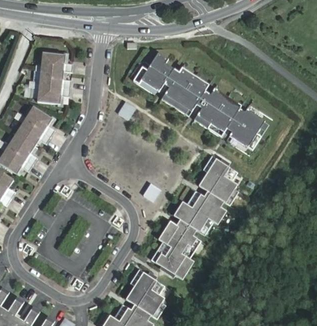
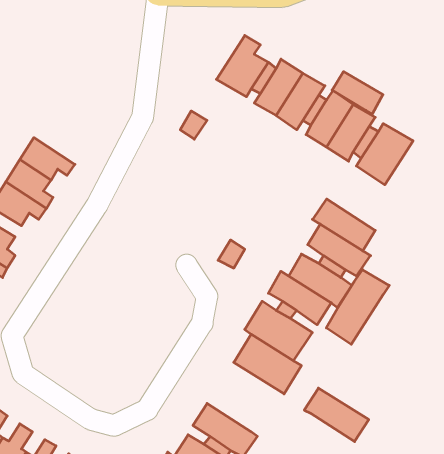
building: [35,50,72,102] -> none
building: none -> [332,72,383,114]
building: [24,104,54,134] -> none
building: none -> [326,270,389,344]
building: [130,270,171,304] -> [304,388,369,442]

